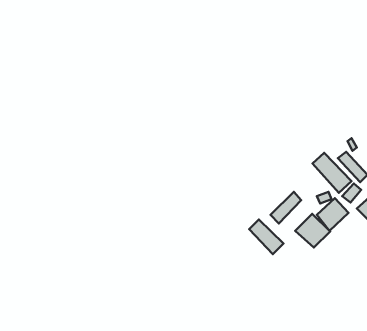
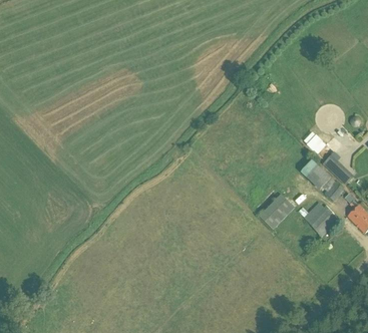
building: [295,214,330,248] -> none
building: [249,220,283,254] -> none

